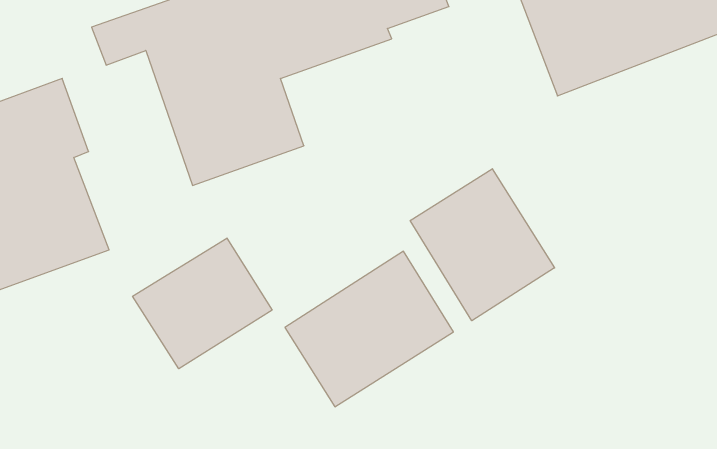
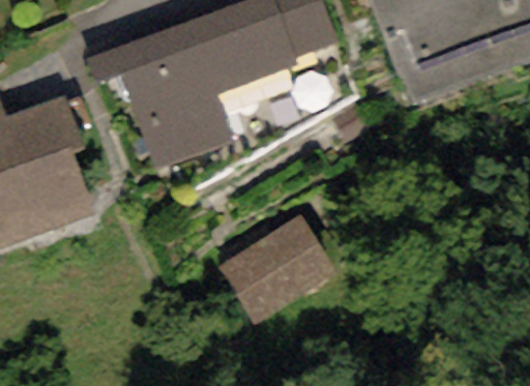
building: [410,169,555,321] -> none
building: [133,238,272,369] -> none

